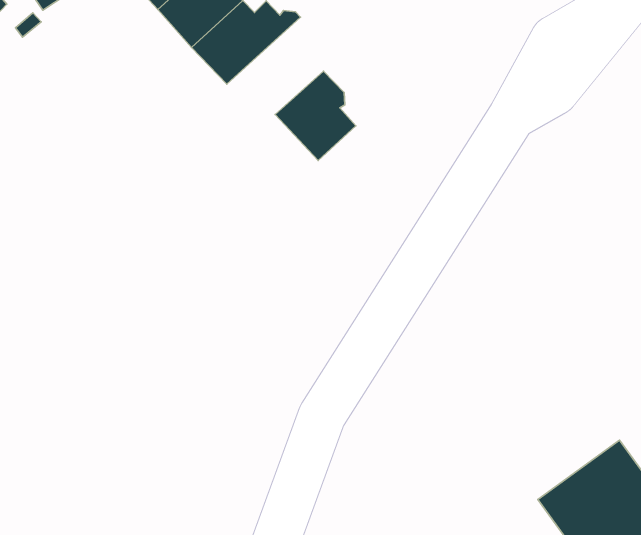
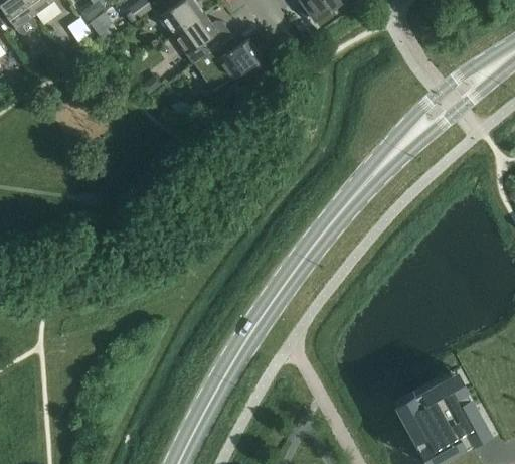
building: [275,71,356,160] -> none

